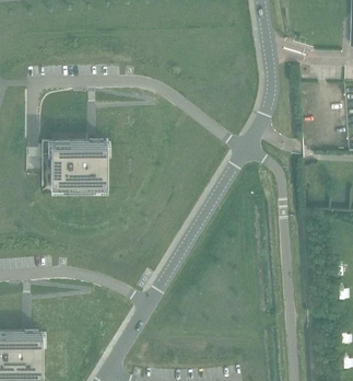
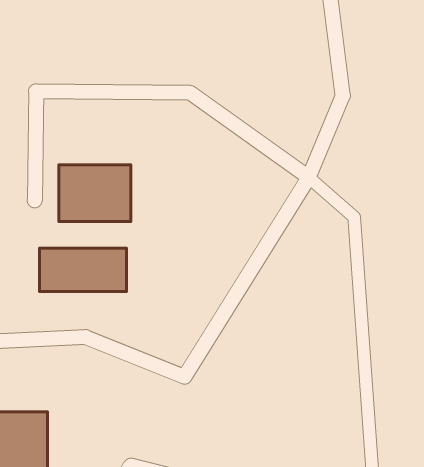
building: none -> [40,248,126,291]

